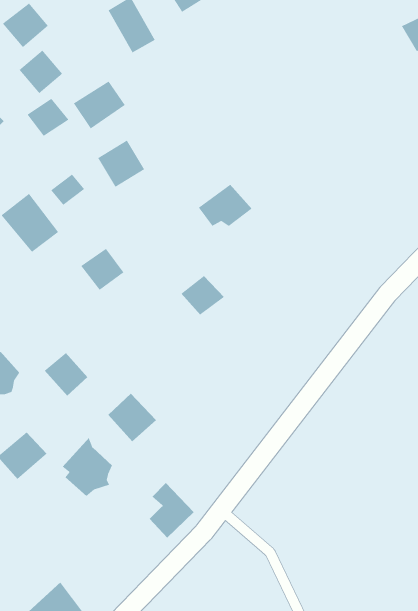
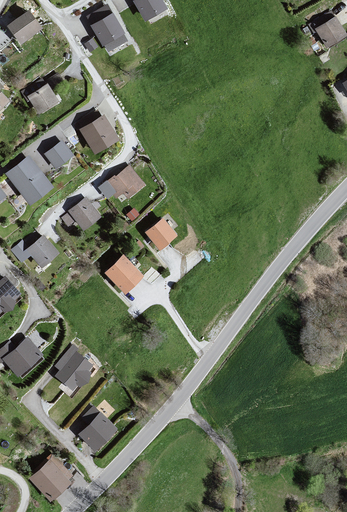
building: [19,50,63,94] -> none
building: [73,80,126,129] -> none
building: [198,184,252,227] -> [104,166,146,199]
building: [44,352,88,397] -> [25,235,59,269]
building: [107,393,157,442] -> [105,255,143,293]
building: [149,482,194,538] -> [81,405,116,448]

